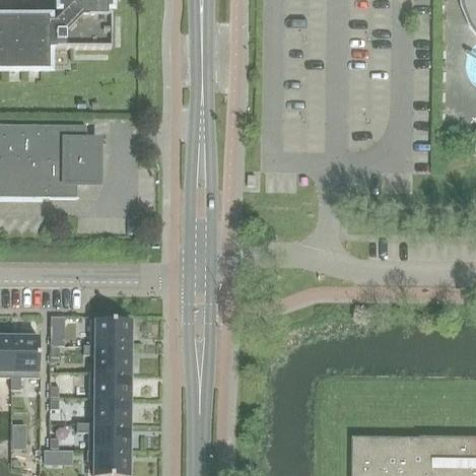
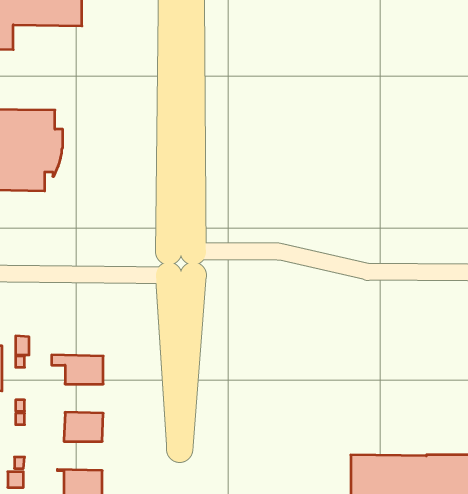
building: [83,318,130,345] -> none
building: [89,369,130,397] -> none
building: [76,421,129,449] -> none

